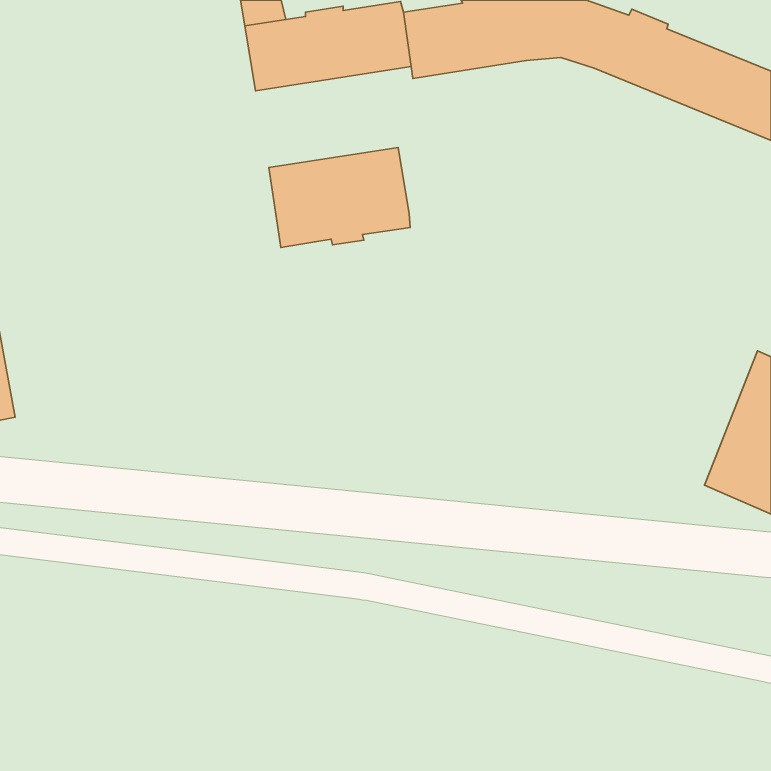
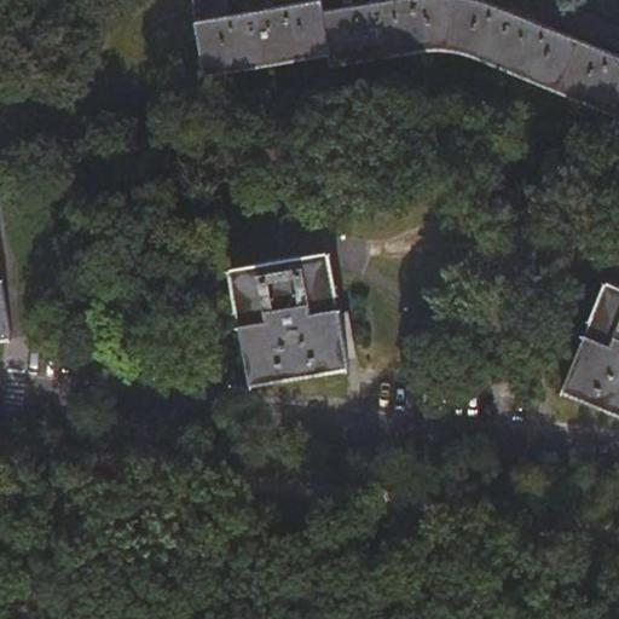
building: [269,147,410,247] -> none
building: none -> [230,251,348,383]

